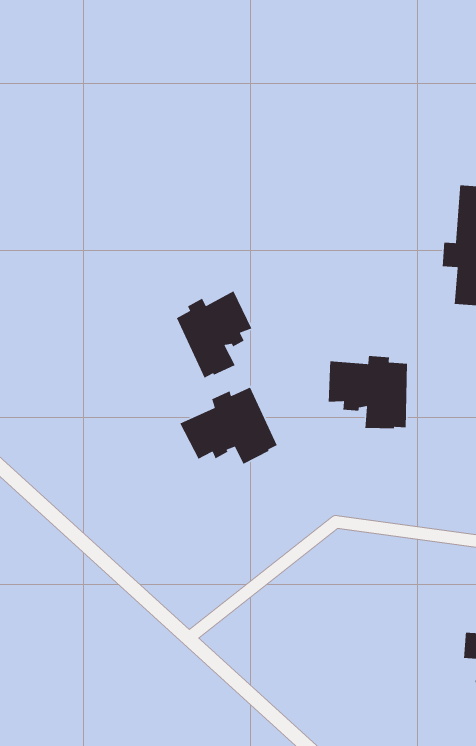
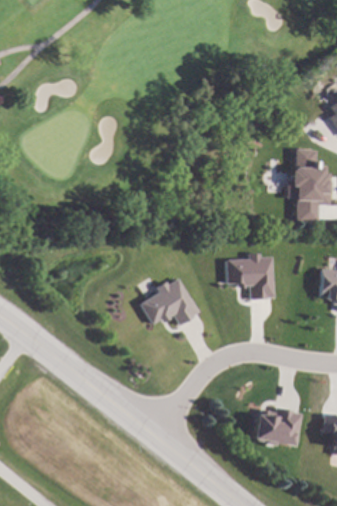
building: [176,290,252,379] -> none
building: none -> [250,407,300,446]

